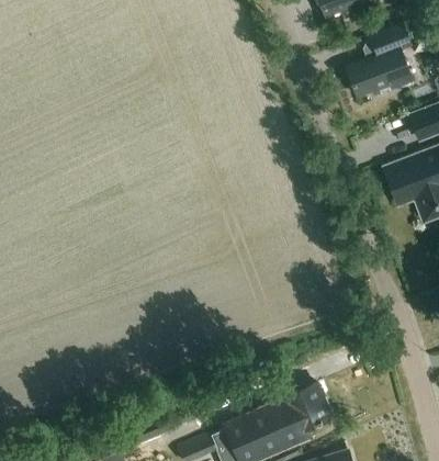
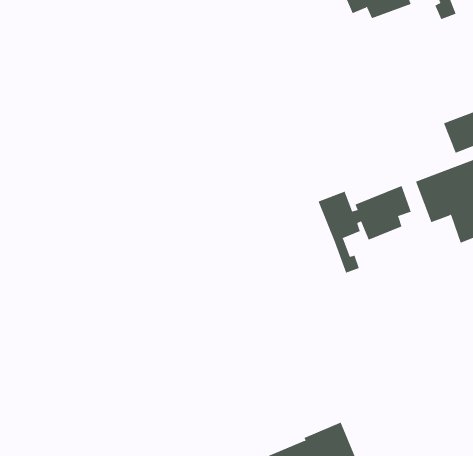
building: [346,23,412,94] -> none
building: none -> [318,185,411,274]

